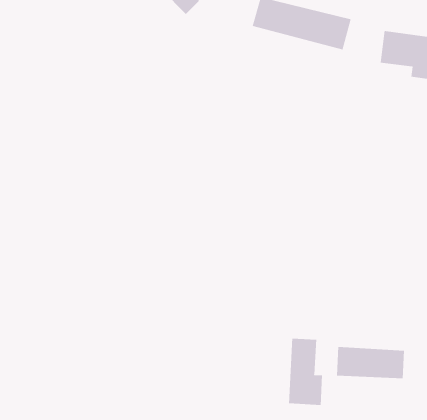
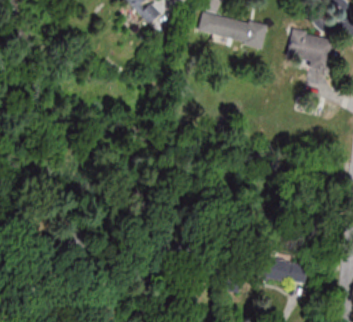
building: [289,338,322,406] -> none

